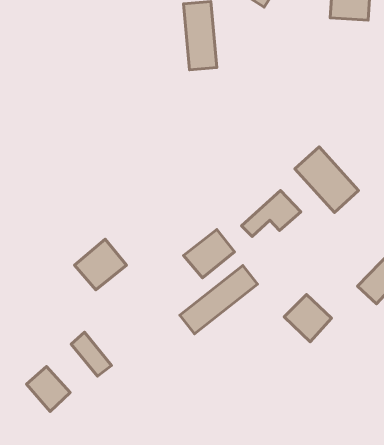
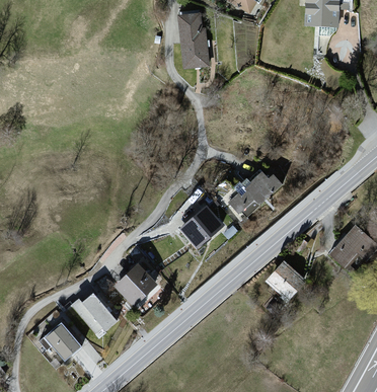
building: [295,147,359,212] -> none
building: [75,239,127,290] -> [112,262,157,306]
building: [180,266,258,334] -> none

